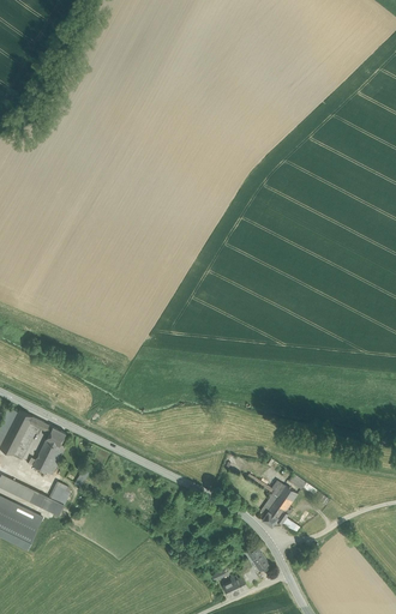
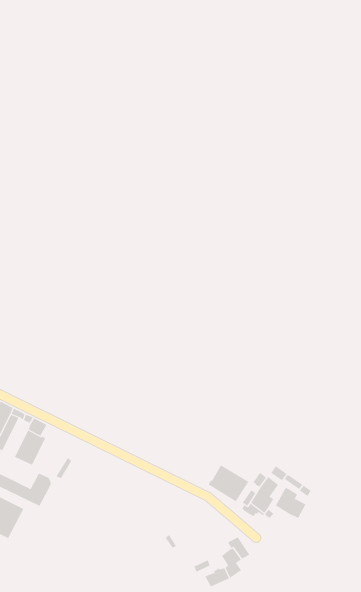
building: none -> [208,464,249,502]
building: none -> [275,487,306,519]

